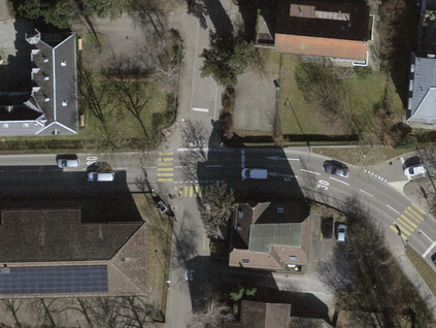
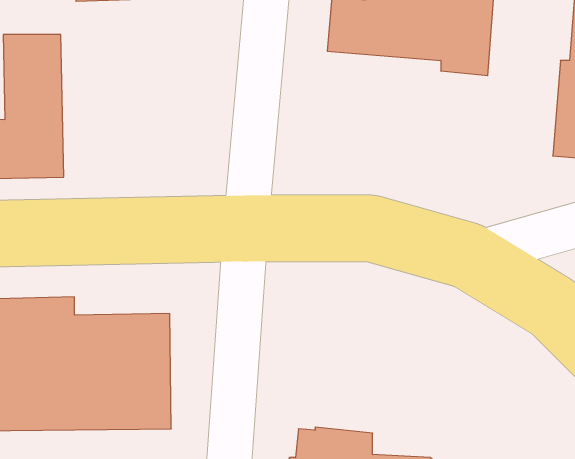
building: [234,203,307,271] -> none

